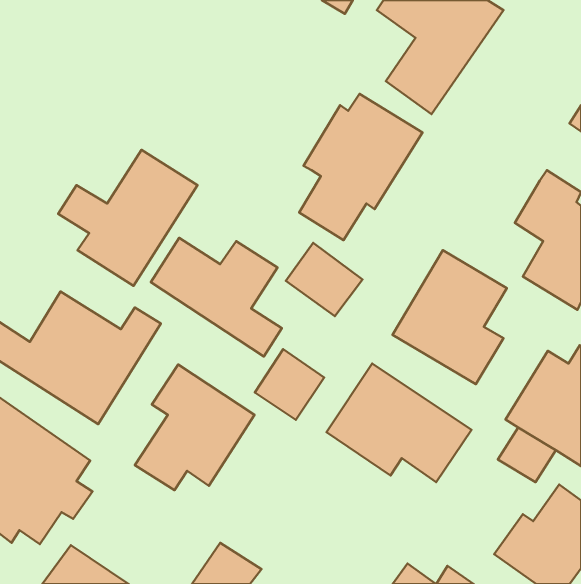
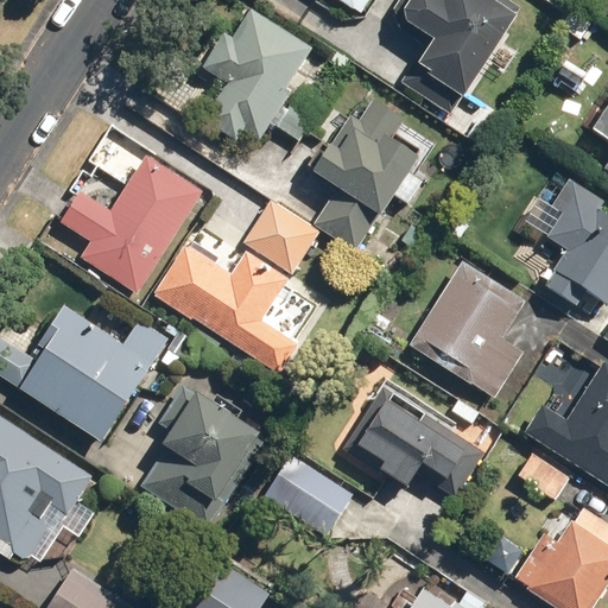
building: none -> [188,8,318,145]
building: [286,243,362,316] -> [243,197,323,273]
building: [255,349,324,420] -> [280,462,353,536]

